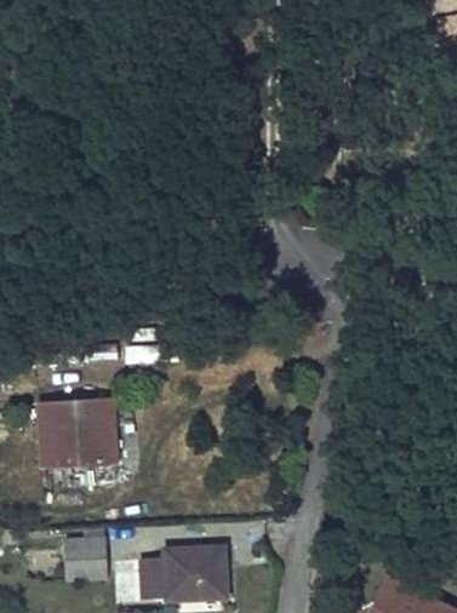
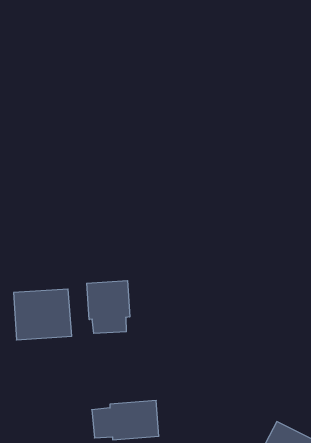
building: none -> [87,281,130,333]
building: [65,542,108,584] -> none

